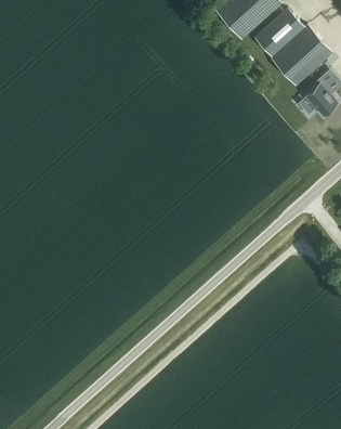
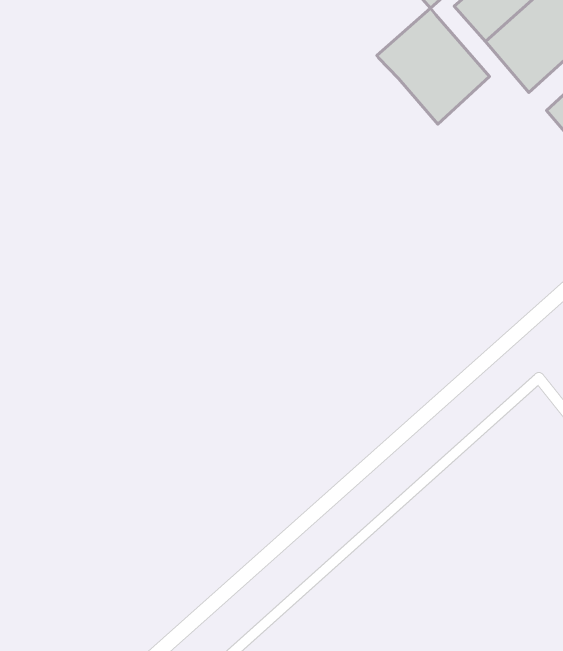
building: none -> [377,8,489,124]

